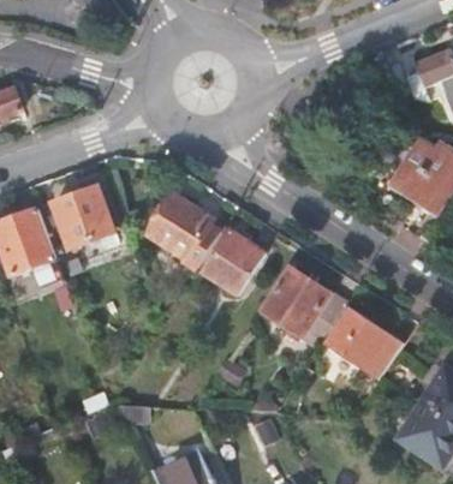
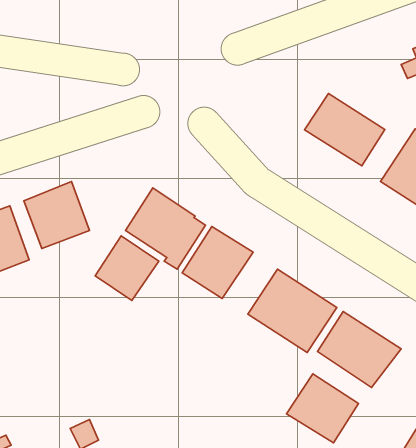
building: none -> [304,93,385,166]
building: none -> [95,236,159,301]
building: none -> [287,374,359,443]

